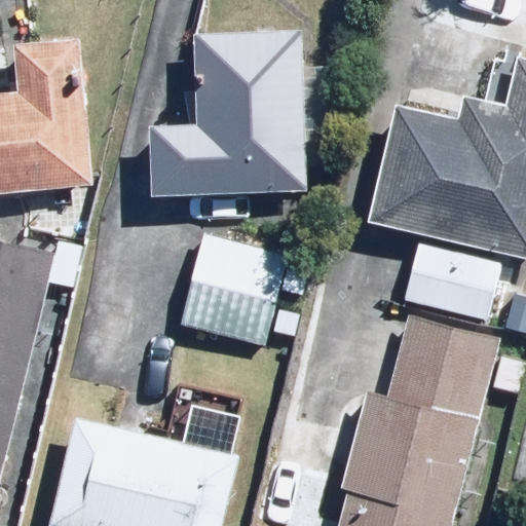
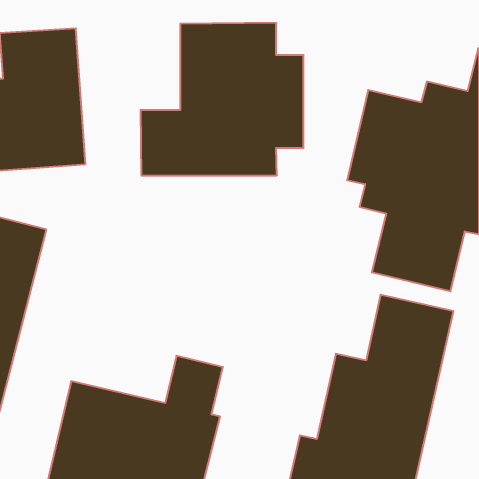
building: [176,236,285,345] -> none

